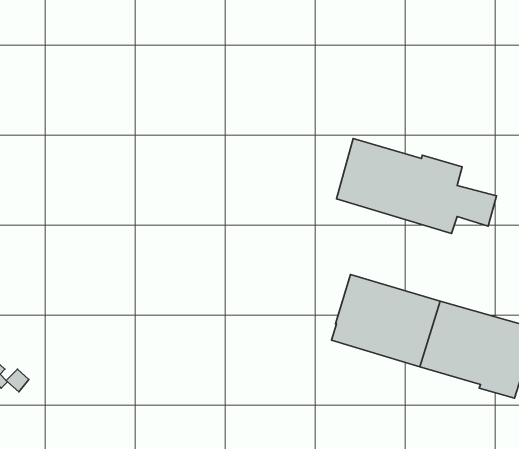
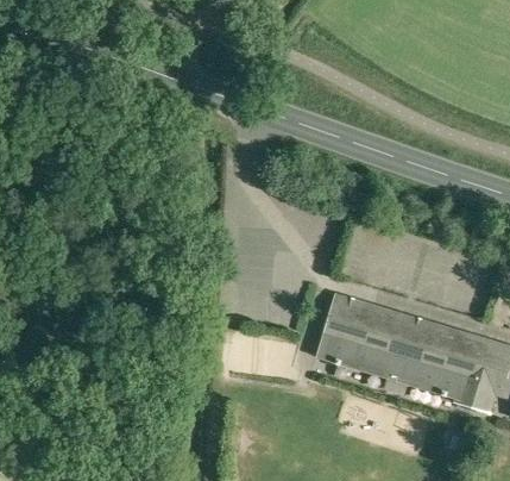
building: [337,138,496,233] -> none

